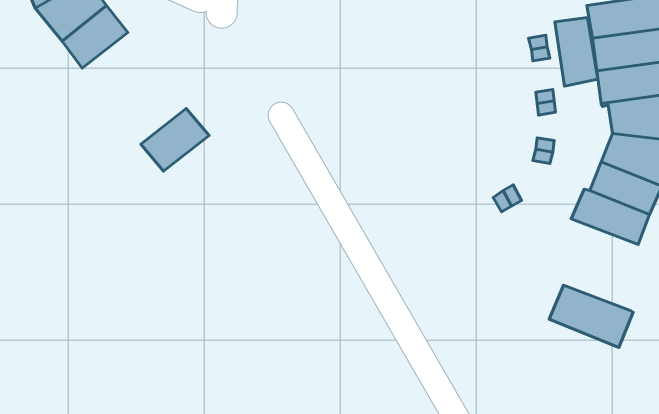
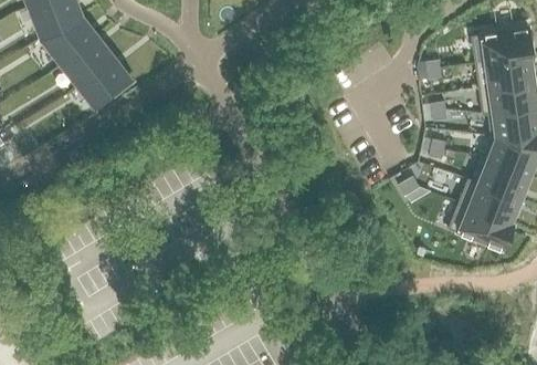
building: [555,17,598,86] -> none
building: [141,109,209,171] -> [78,58,131,106]
building: [549,285,633,348] -> [448,202,513,251]

